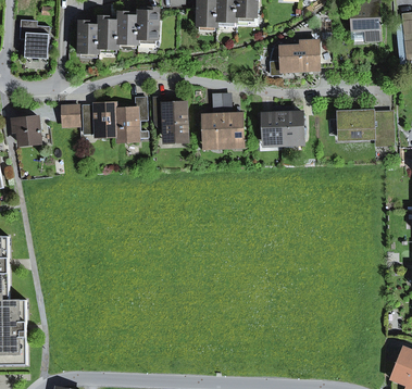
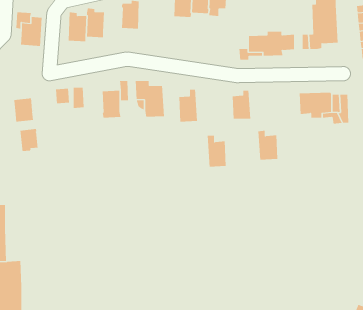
building: [118,11,139,43] -> none
building: [96,103,117,134] -> none
building: [222,106,244,142] -> [207,135,226,167]
building: [282,106,304,140] -> [258,130,278,160]
building: none -> [20,128,38,152]

